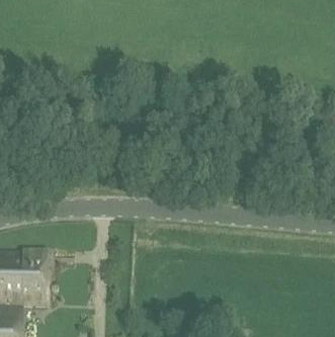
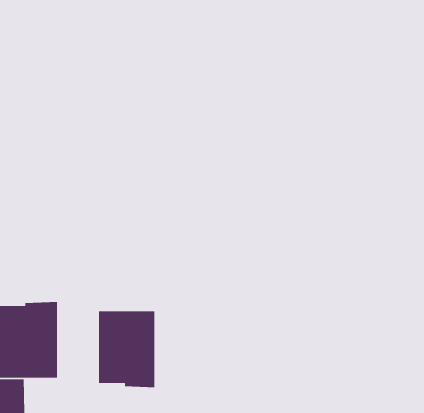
building: none -> [98,310,155,388]

